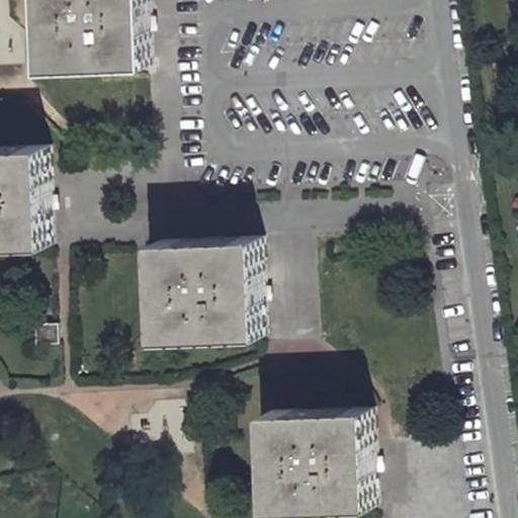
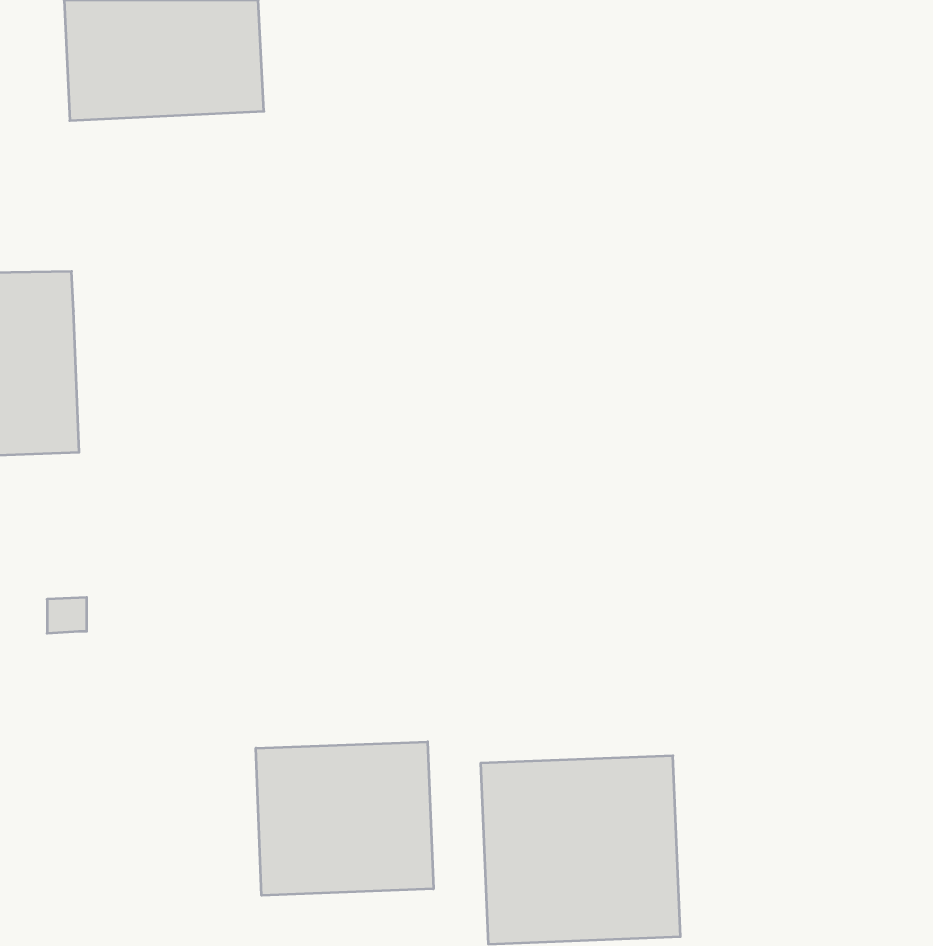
building: [148,241,257,344] -> none
building: none -> [256,742,433,895]

